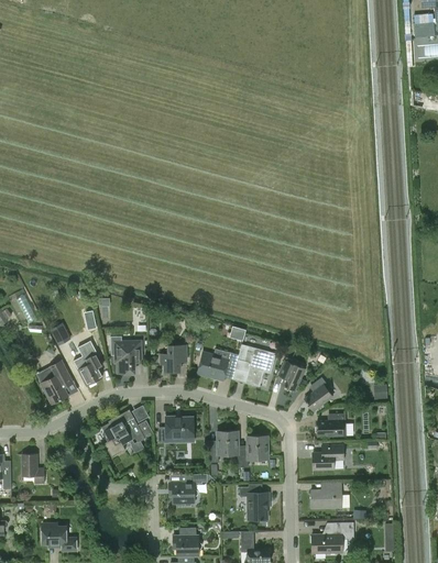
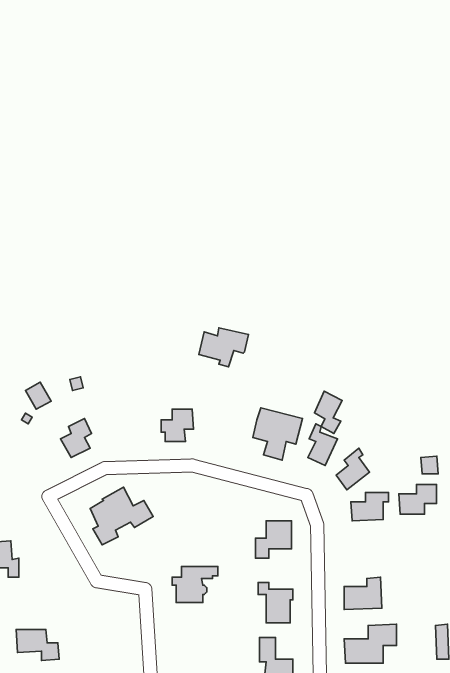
building: none -> [314,391,342,434]
building: [111,339,142,375] -> none
building: [198,349,239,380] -> [199,328,249,367]
building: [36,361,77,404] -> none
building: [158,416,194,442] -> none
building: [209,431,238,463] -> none
building: [311,445,342,470] -> [399,485,437,514]
building: [173,528,202,556] -> none

